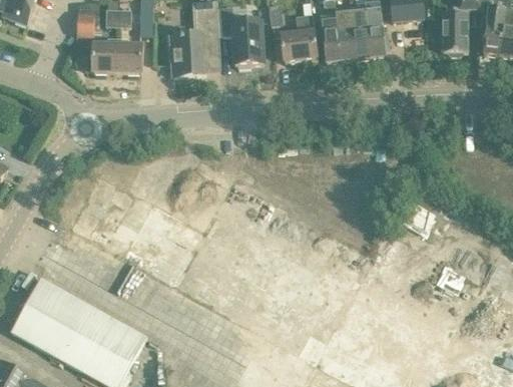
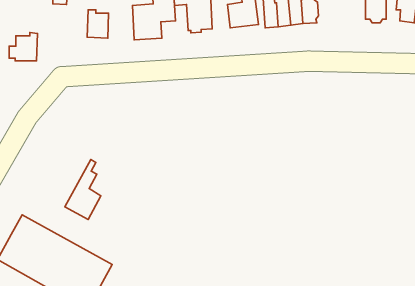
building: [85,39,118,72] -> [9,33,37,61]
building: none -> [65,160,101,220]

